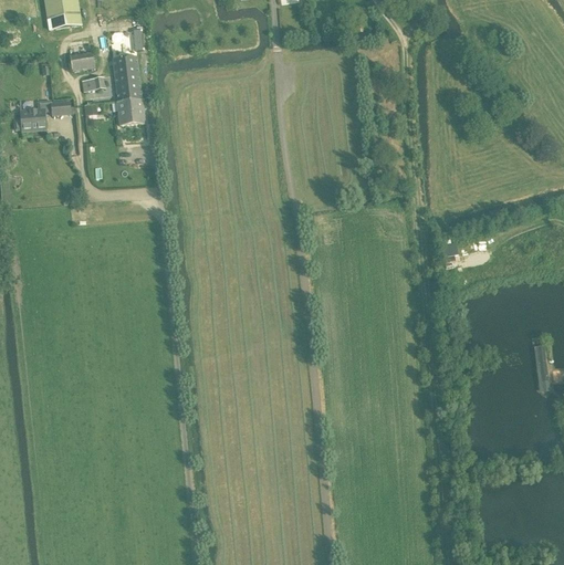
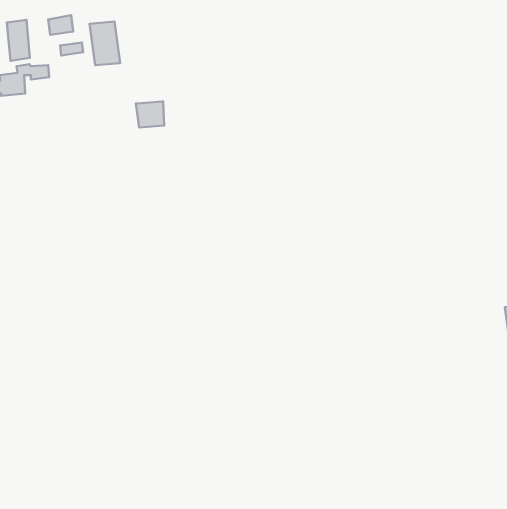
building: none -> [7,20,30,61]
building: [116,97,145,124] -> [136,101,164,128]

